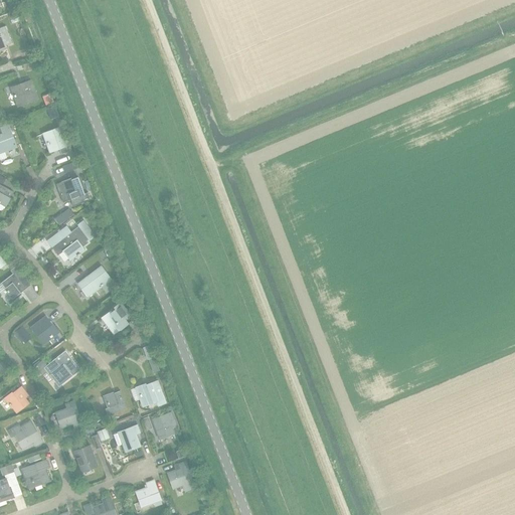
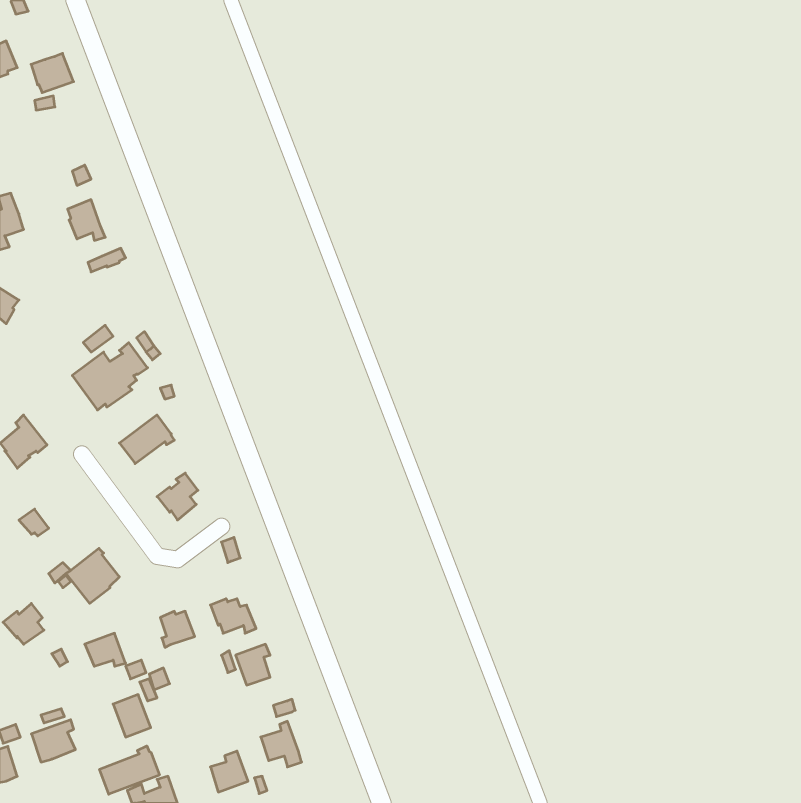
building: [10,80,37,106] -> [31,53,74,93]
building: [55,177,89,206] -> none
building: [29,316,58,343] -> none
building: [11,421,41,448] -> none
building: [112,424,139,451] -> none
building: none -> [100,746,159,794]

